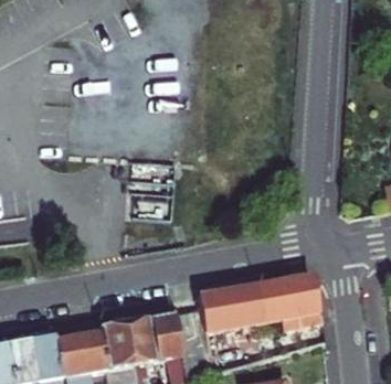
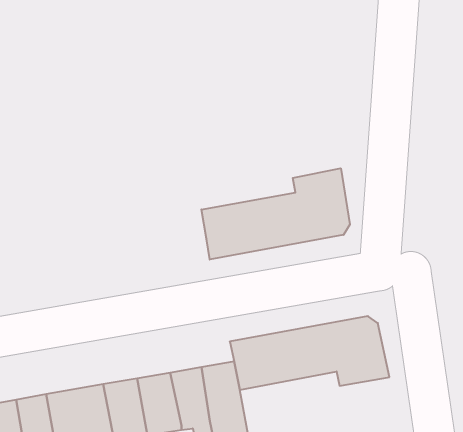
building: none -> [201,168,350,260]

